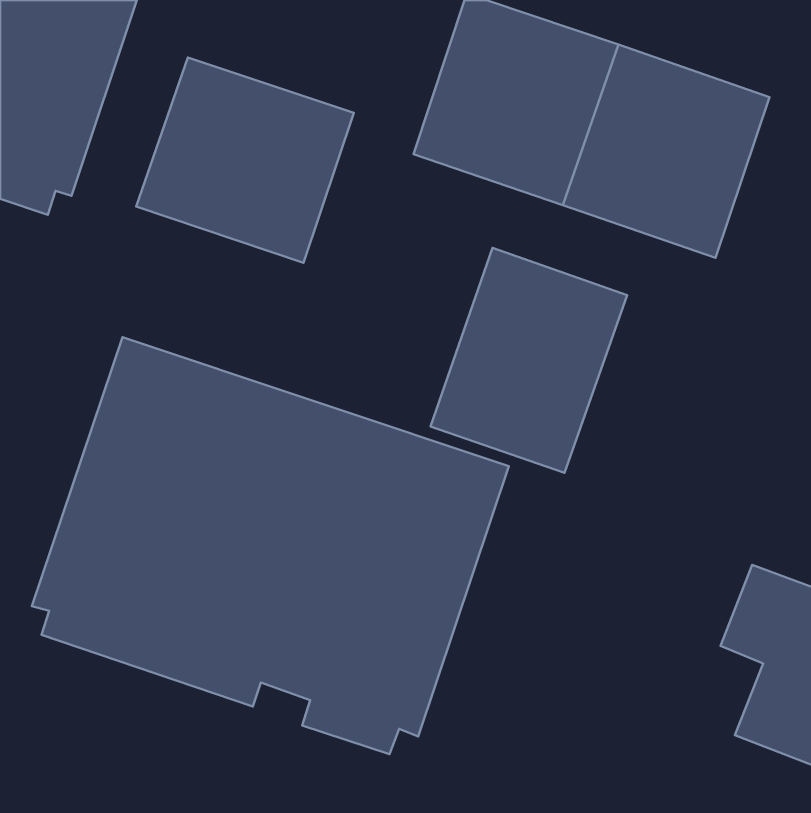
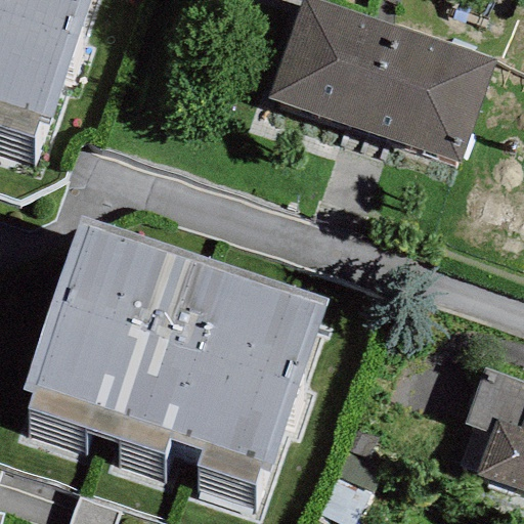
building: [136,57,354,263] -> none
building: [431,248,627,473] -> none

